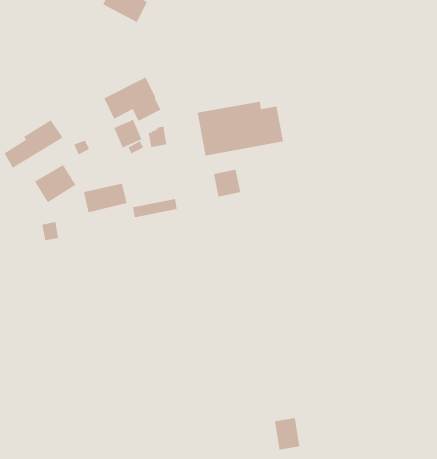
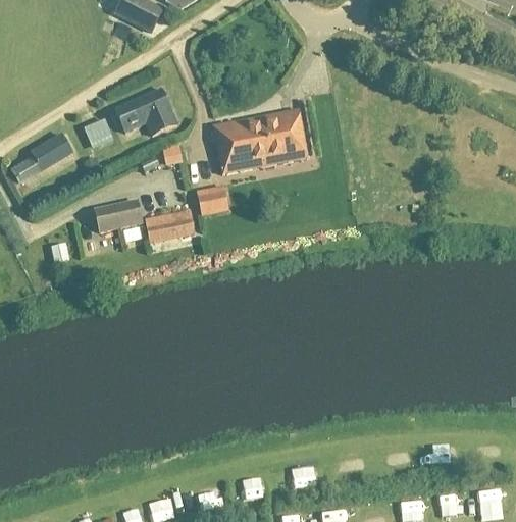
building: [113,119,142,148] -> [84,115,114,146]
building: [34,164,76,203] -> none
building: [213,169,241,197] -> [197,184,226,213]

